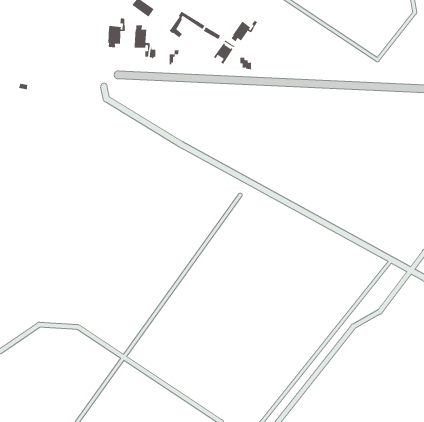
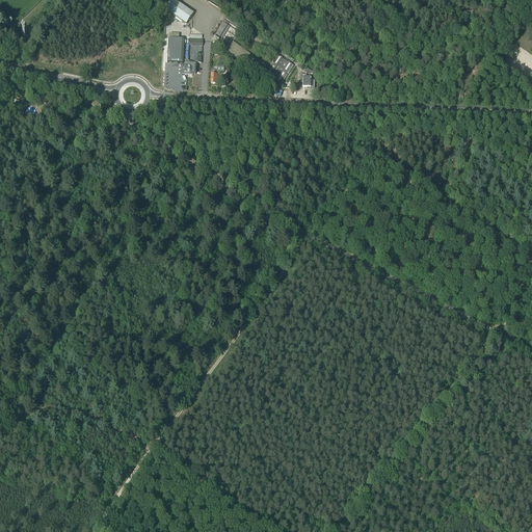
building: [108,18,125,48] -> none
building: [231,20,258,42] -> none

